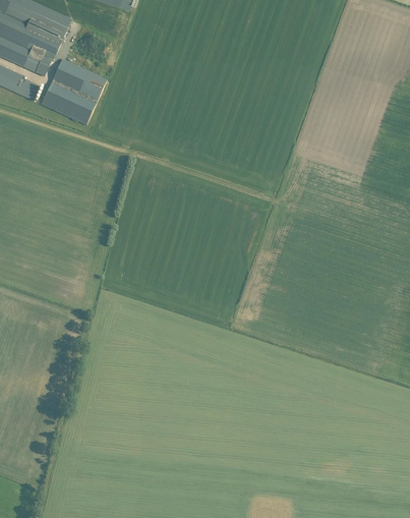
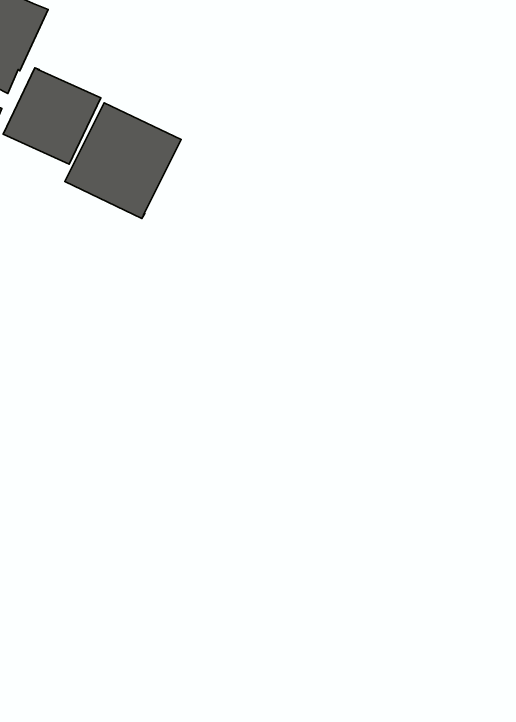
building: none -> [65,103,181,218]

